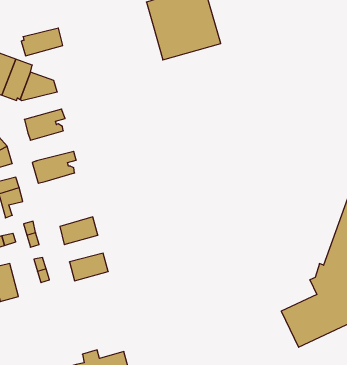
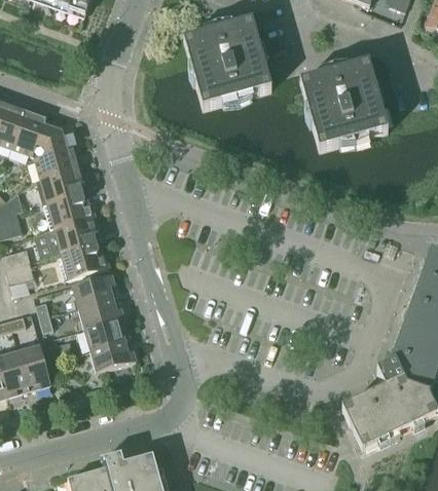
building: none -> [298,61,386,148]
building: [21,28,63,56] -> [31,146,80,179]
building: none -> [43,192,95,228]
building: none -> [59,242,109,279]
building: none -> [72,273,117,306]
building: none -> [83,316,130,348]
building: none -> [19,344,51,389]

